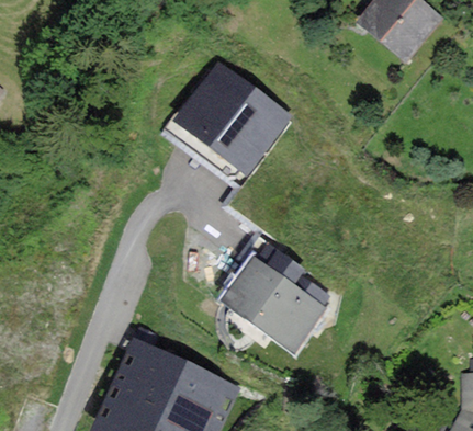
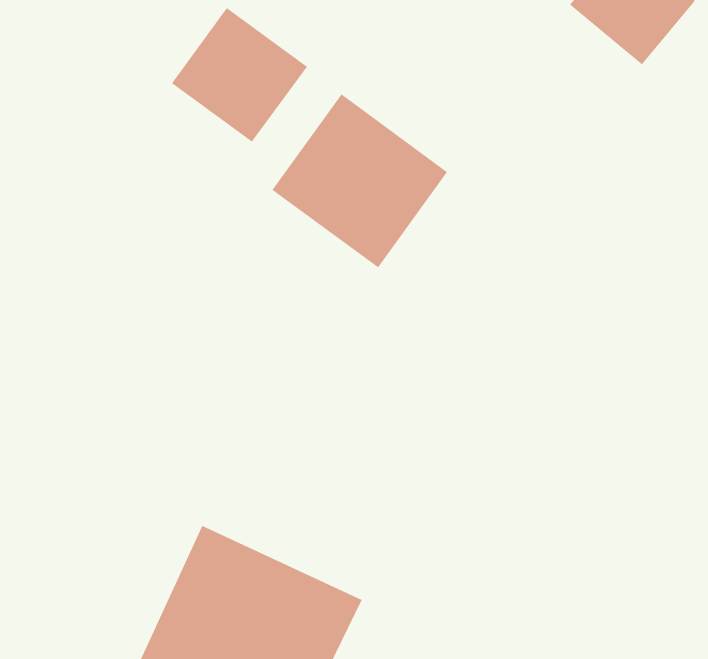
building: none -> [171,7,308,143]
building: [227,246,328,345] -> none

